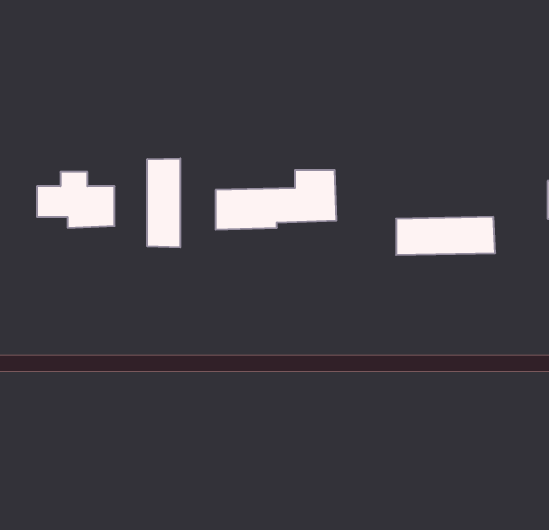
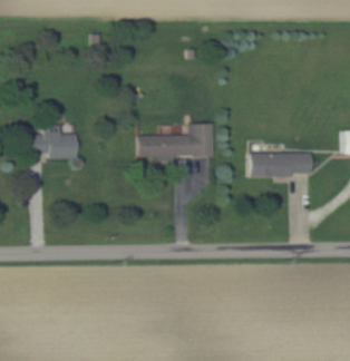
building: [147,158,180,247] -> none

